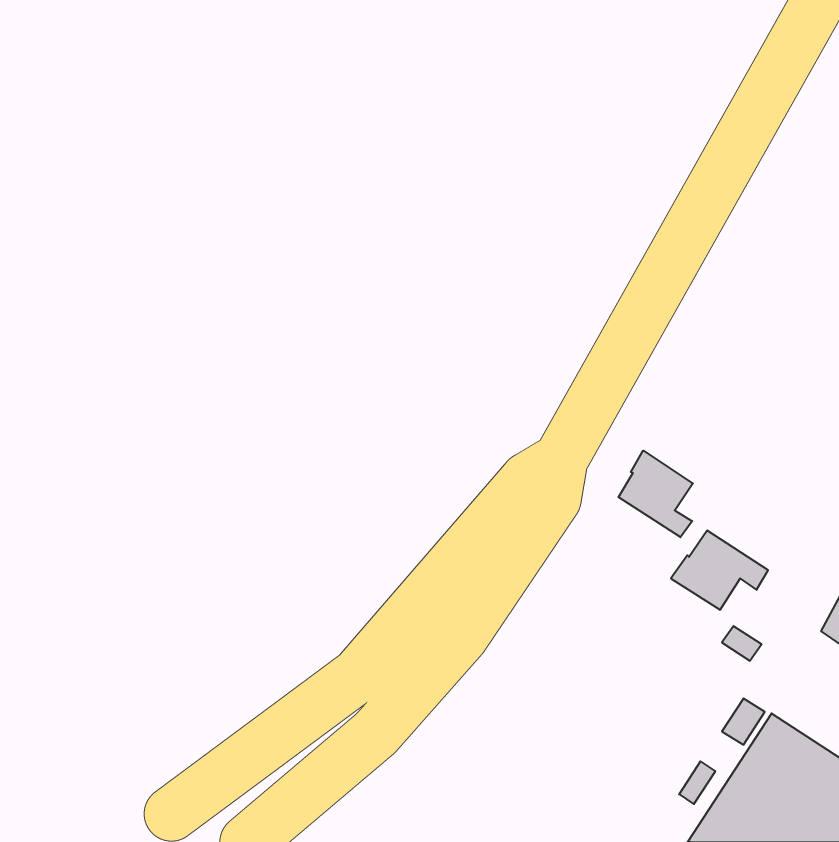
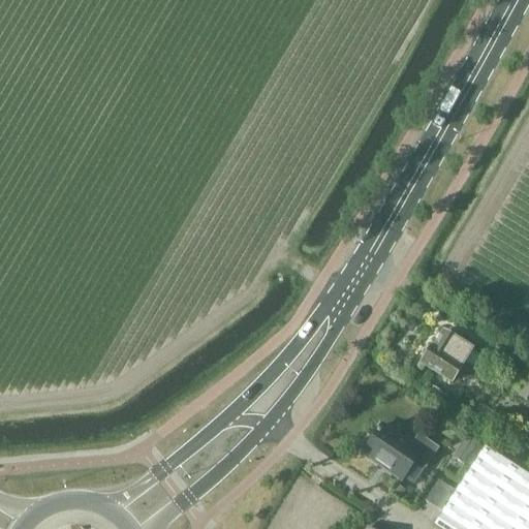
building: [618,451,693,537] -> none
building: none -> [365,427,441,479]

